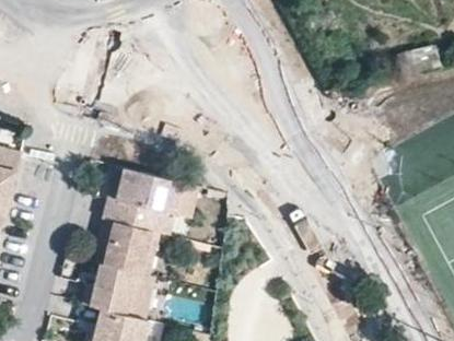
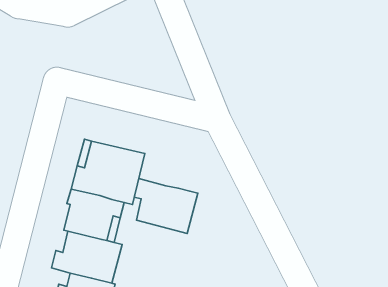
building: none -> [134,178,198,234]

